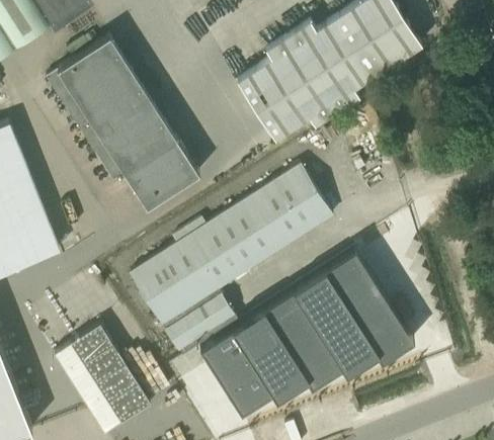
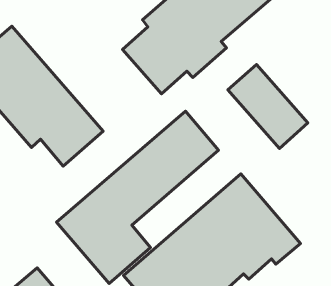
building: none -> [228,64,308,148]

